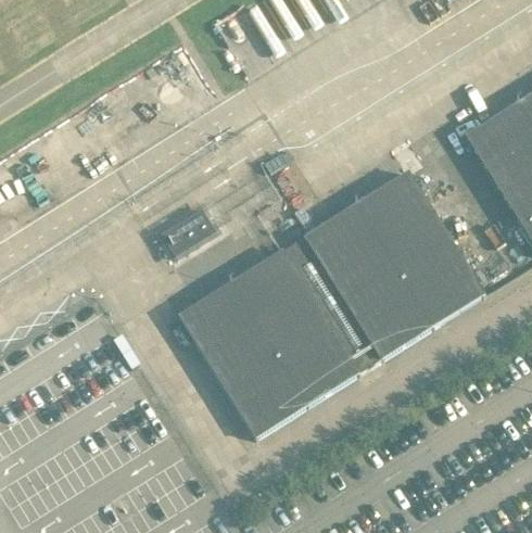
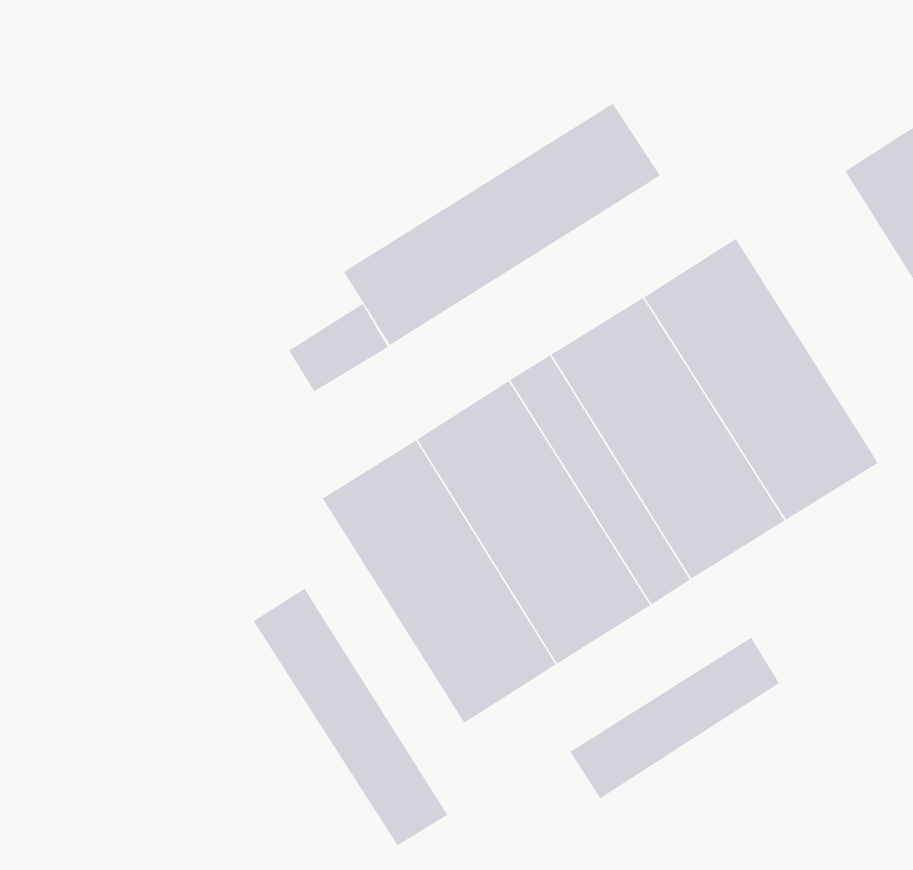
building: none -> [343,103,660,346]
building: none -> [253,588,448,846]
building: none -> [570,637,780,799]

